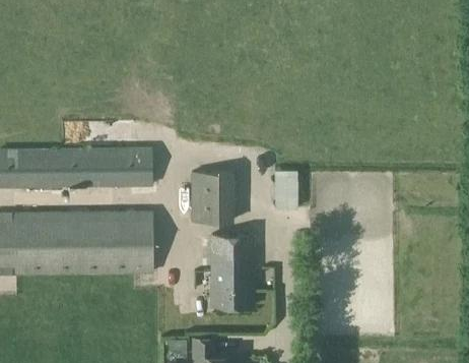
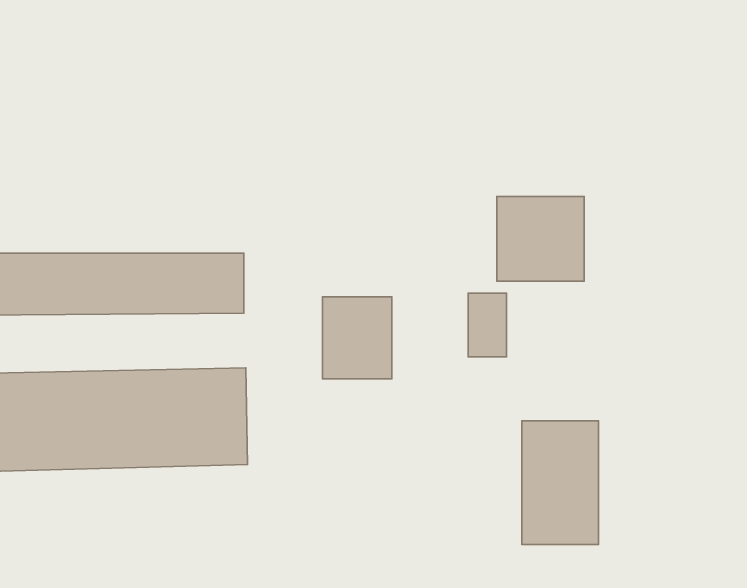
building: none -> [497,197,584,281]
building: [211,237,254,306] -> [522,421,598,545]

